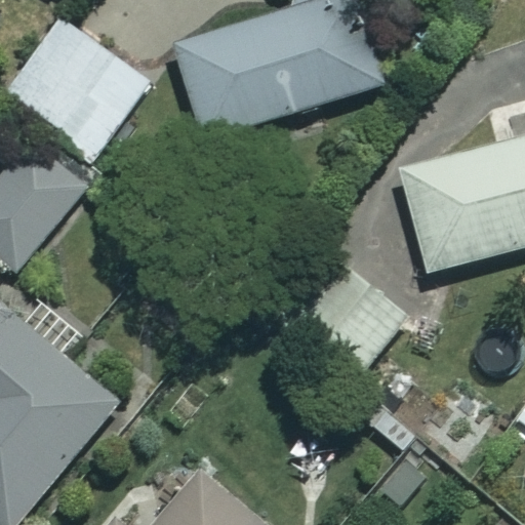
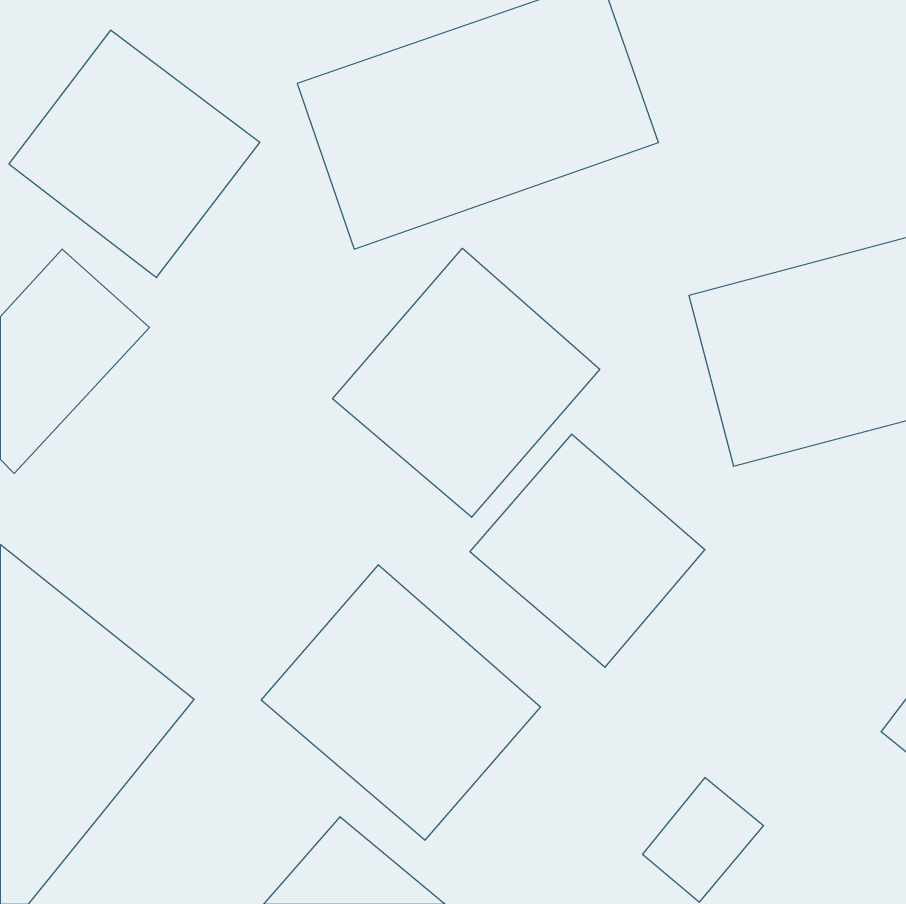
building: none -> [333,248,600,517]
building: none -> [261,565,541,840]

